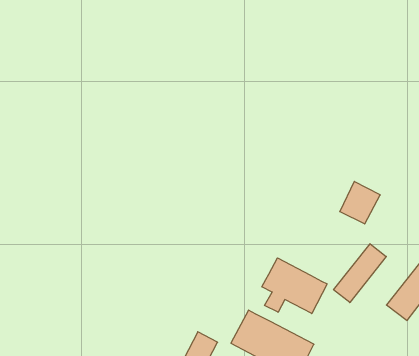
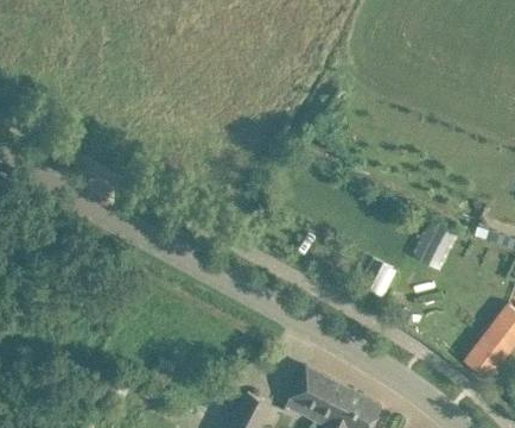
building: [334,244,386,303] -> none
building: [262,258,327,314] -> none

